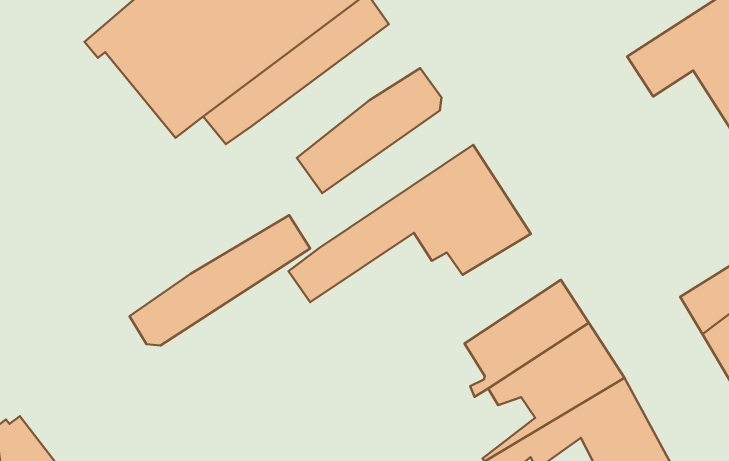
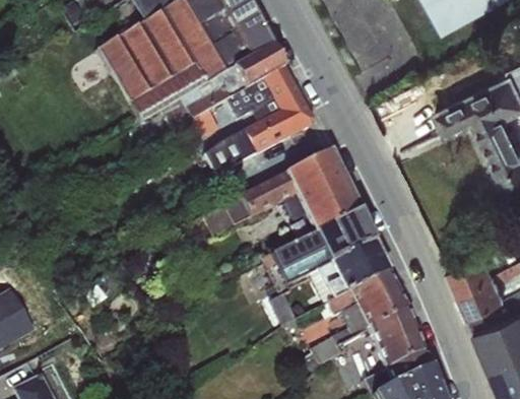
building: none -> [192,65,304,143]
building: [129,215,310,346] -> none
building: none -> [272,209,376,282]

